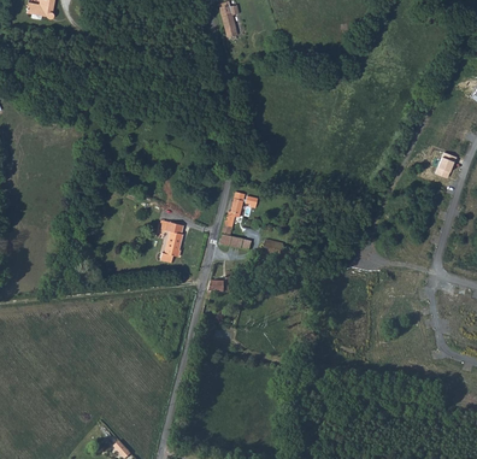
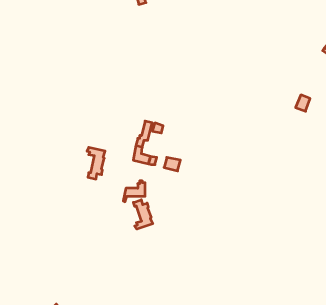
building: none -> [133,200,153,229]

